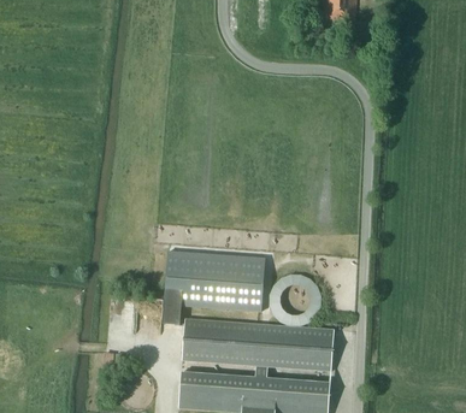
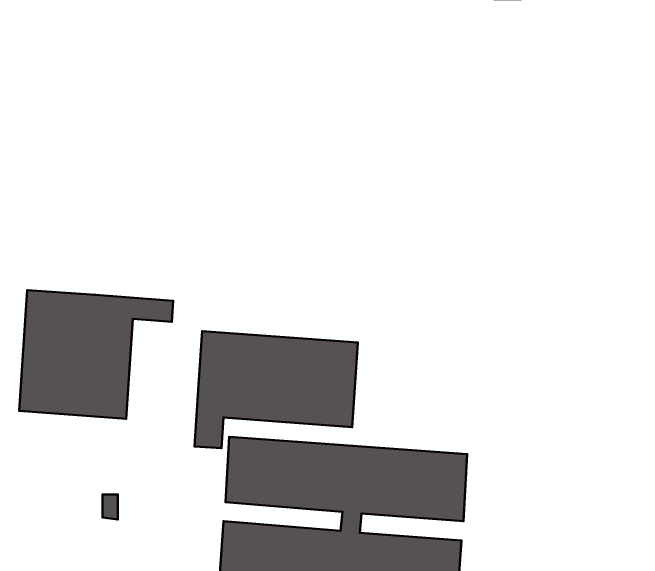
building: none -> [19,290,173,419]

